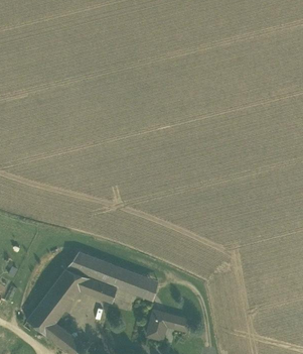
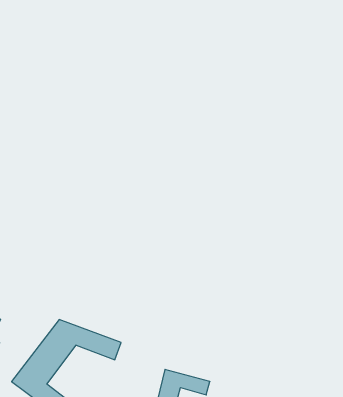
building: [65,253,157,303] -> none

